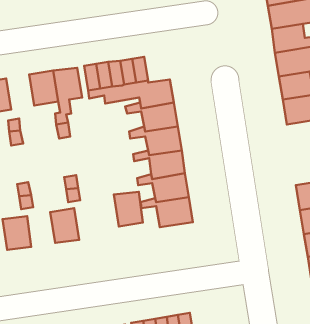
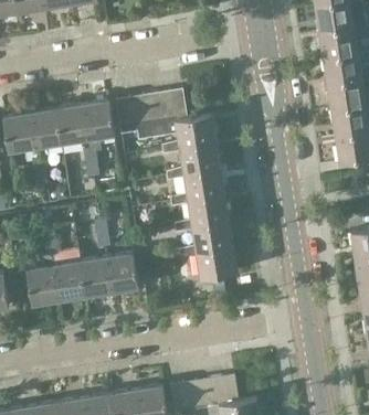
building: none -> [30,109,61,148]
building: [114,192,143,227] -> [105,254,137,292]
building: none -> [53,262,84,300]

